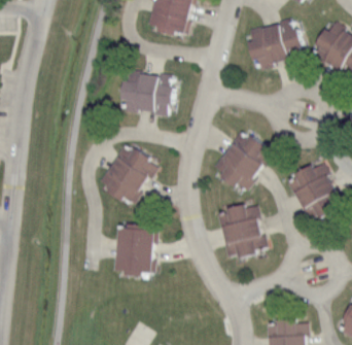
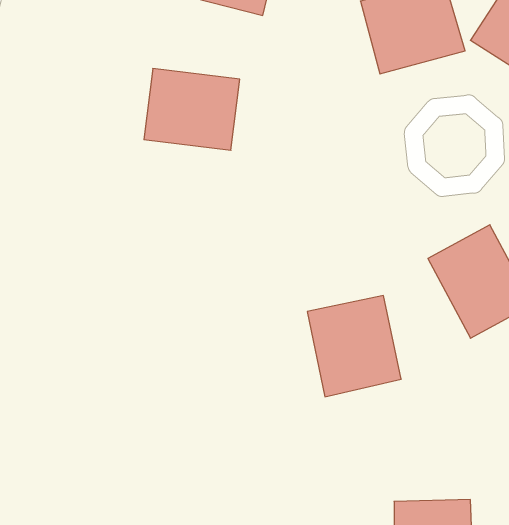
building: [209,128,273,194] -> none
building: [96,141,159,207] -> none
building: [113,222,154,277] -> none

